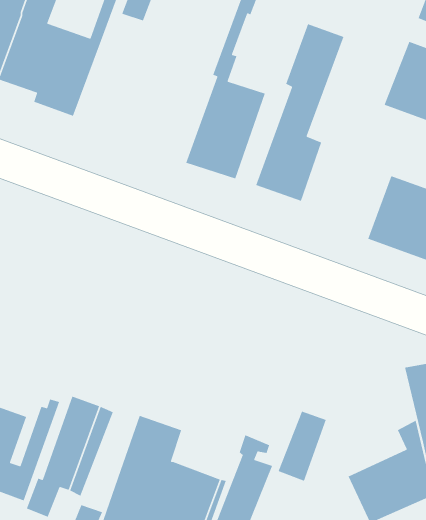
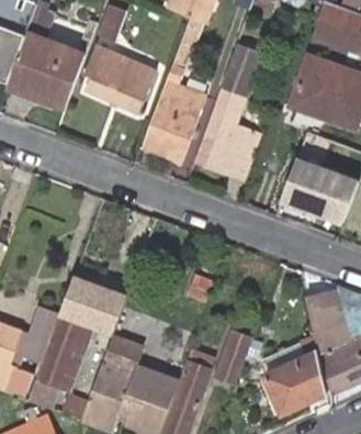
building: none -> [84,48,160,113]
building: none -> [61,275,127,333]

